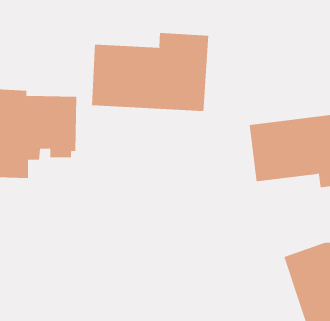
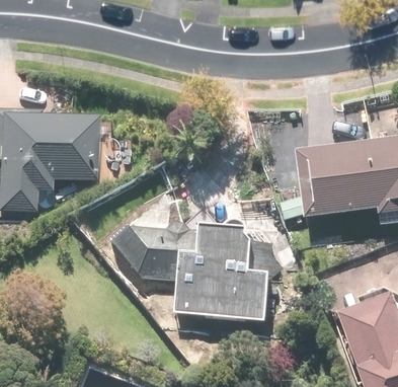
building: [92,32,209,112] -> none
building: none -> [112,225,270,318]

